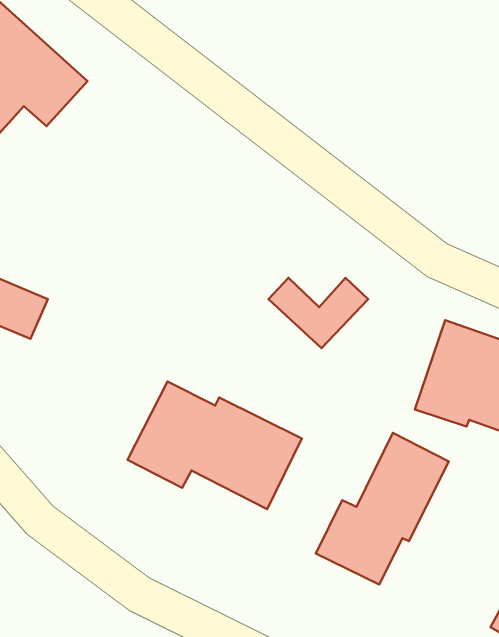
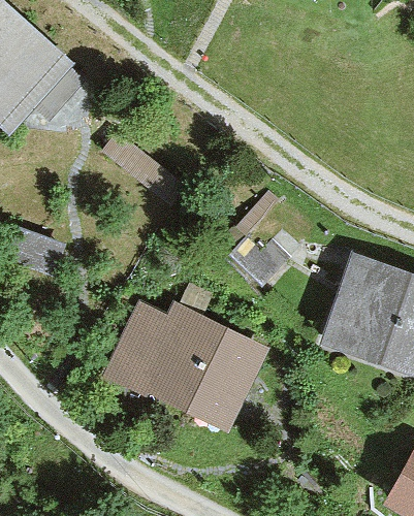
building: [316,433,449,584] -> none

